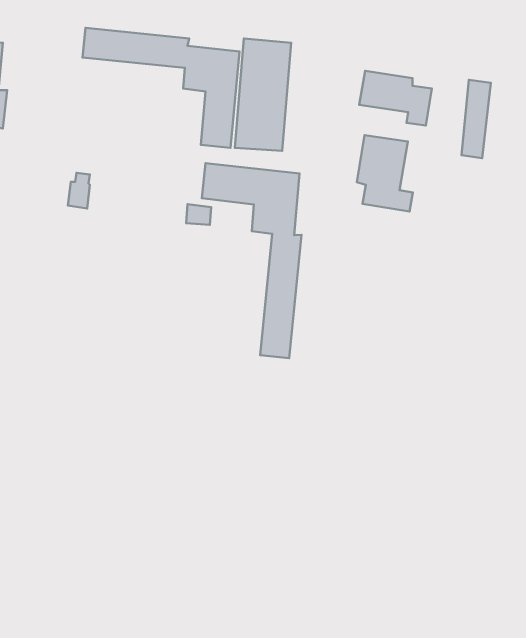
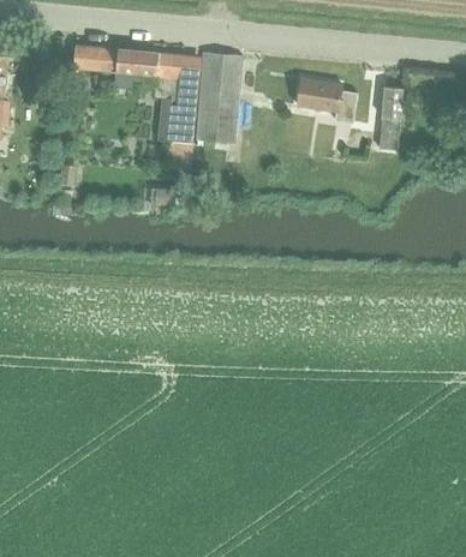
building: [357,135,413,212] -> none
building: [202,163,301,358] -> none

